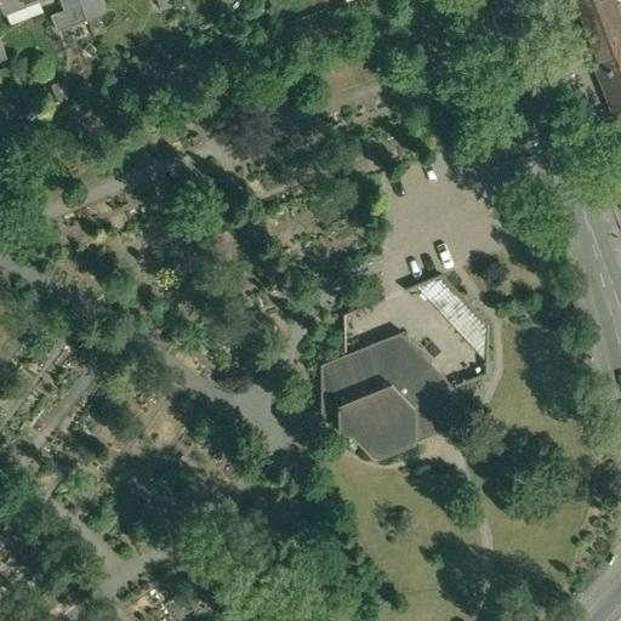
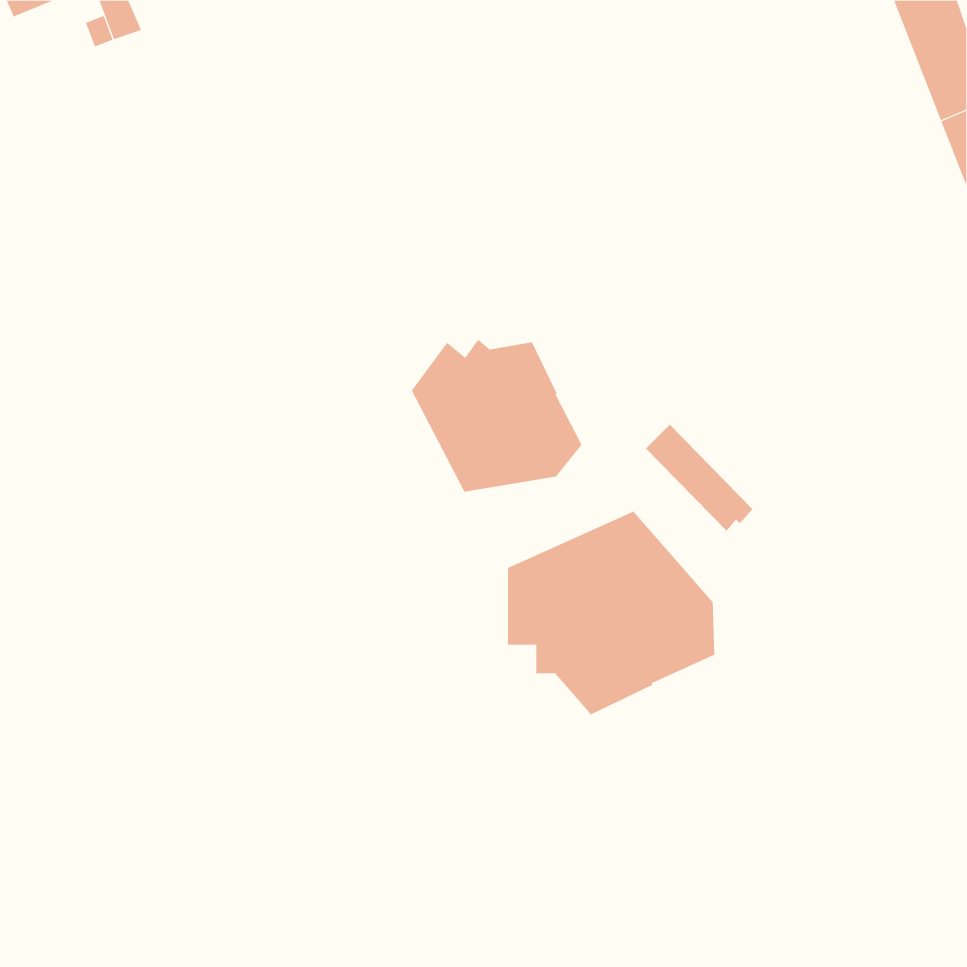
building: none -> [411,339,582,492]

